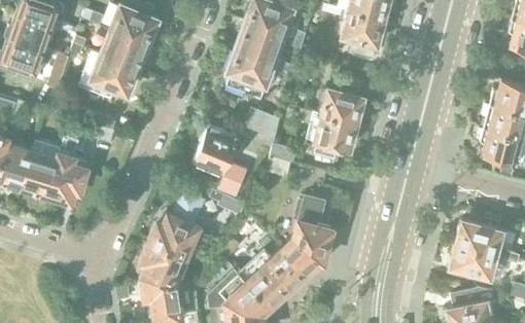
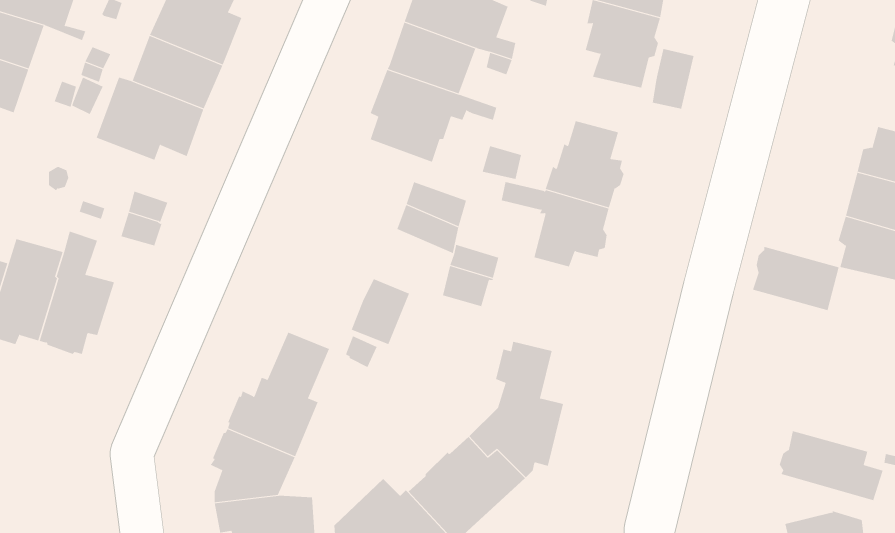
building: none -> [652,48,694,110]
building: [194,125,239,174] -> none
building: [456,220,503,255] -> [752,246,840,311]

